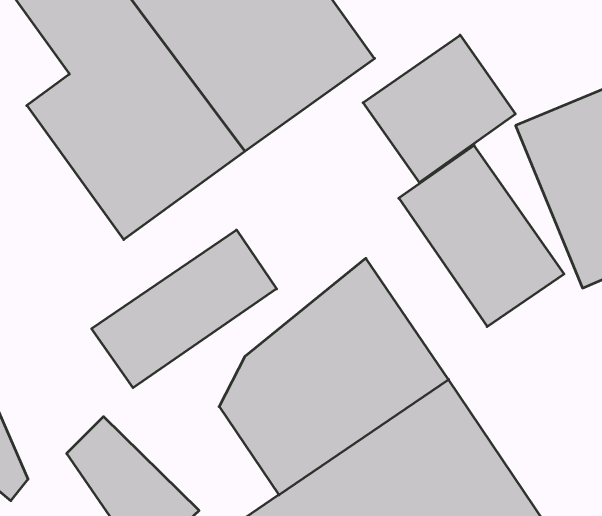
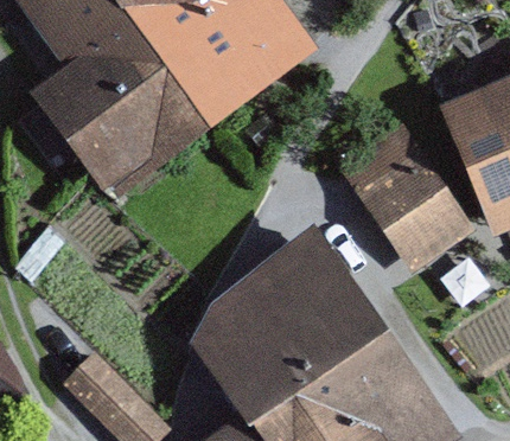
building: [363,35,515,182] -> none
building: [92,230,277,388] -> none

